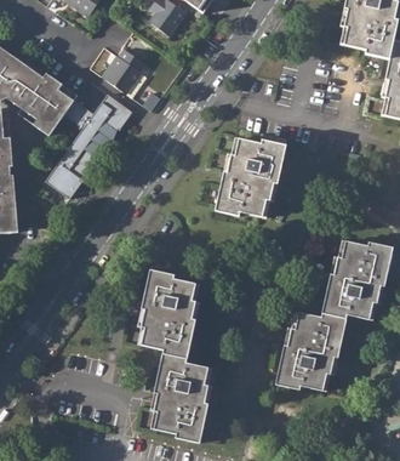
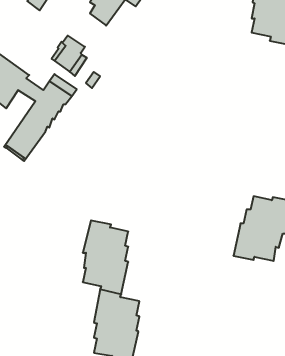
building: [215,138,286,217] -> none
building: [275,312,345,391] -> none

